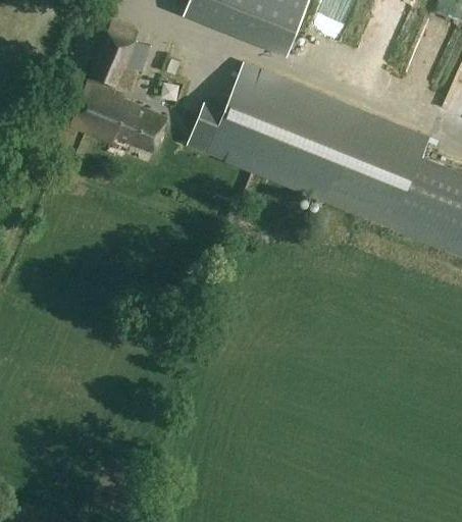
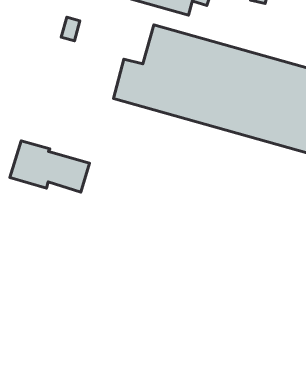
building: [91,22,139,92] -> none
building: [69,82,167,151] -> [10,141,90,192]

